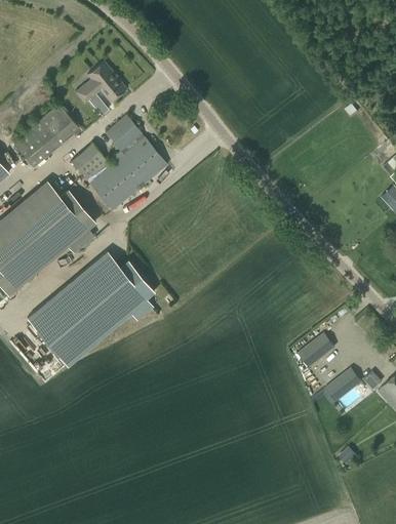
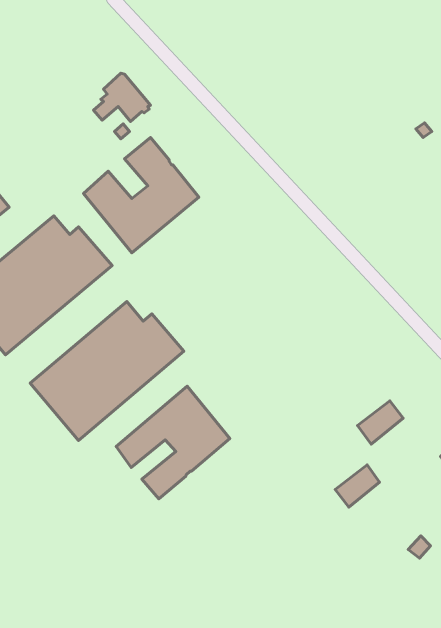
building: [12,105,79,168] -> none
building: none -> [116,386,230,499]
building: [325,369,362,404] -> [335,465,380,507]

